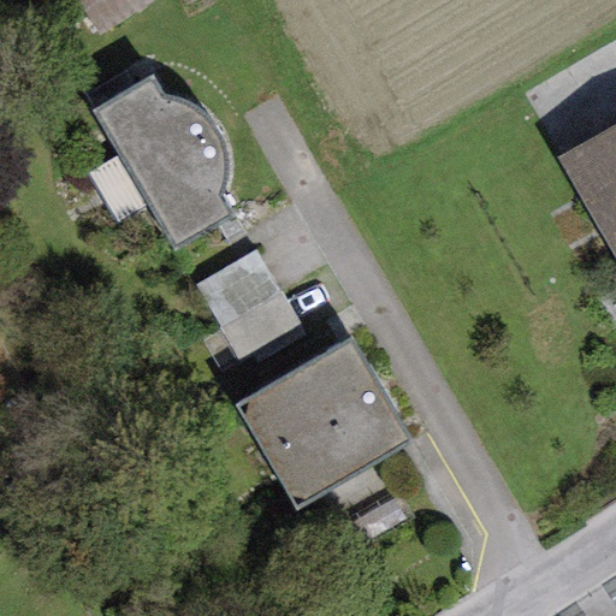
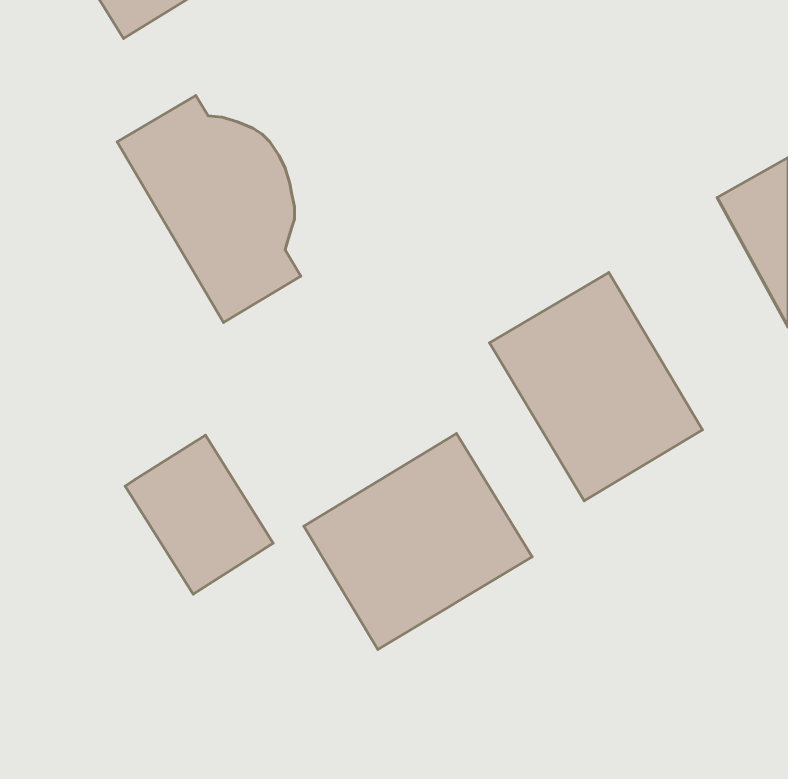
building: none -> [489,273,702,501]
building: [191,245,307,369] -> [125,435,273,594]

